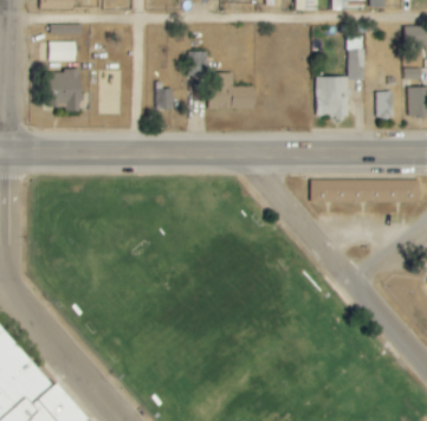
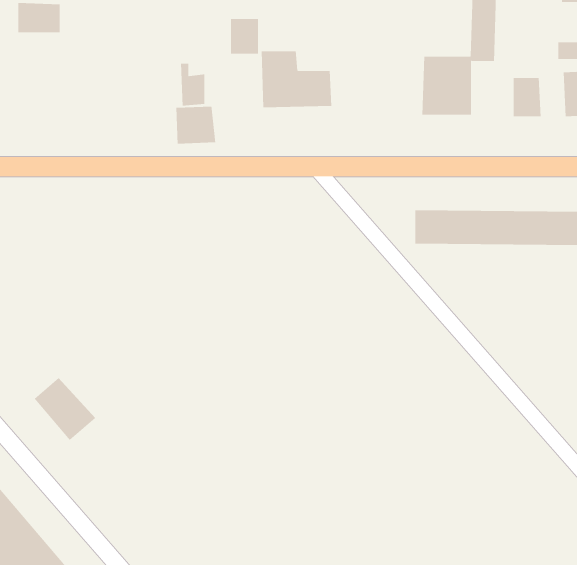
building: [48,71,82,111] -> none
building: none -> [176,106,216,145]
building: none -> [34,377,96,441]

